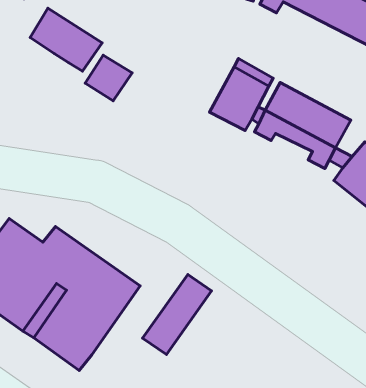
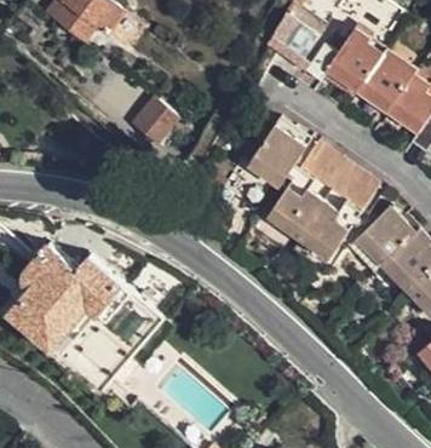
building: [30,8,102,71] -> none
building: none -> [264,188,346,259]
building: [143,274,211,355] -> none

